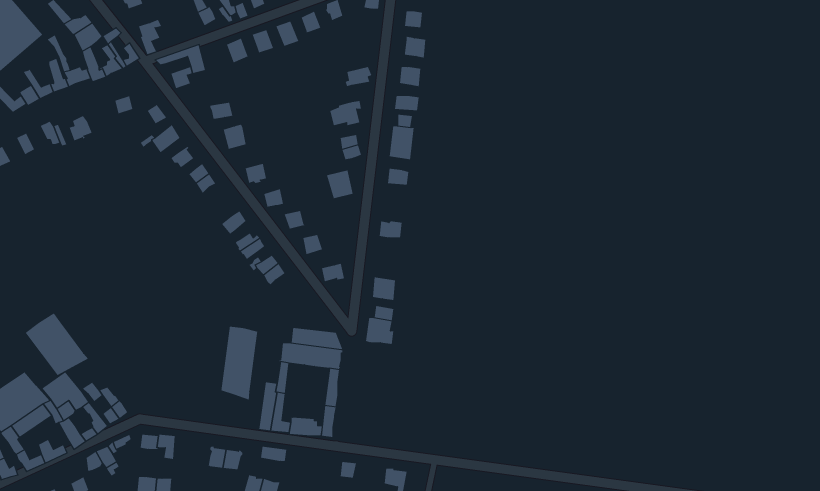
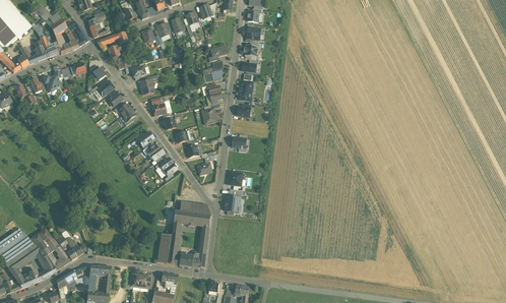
building: [25,312,89,376] -> none
building: [221,326,258,401] -> none

